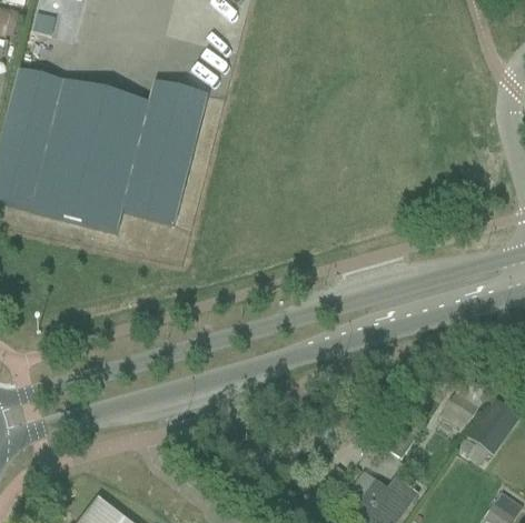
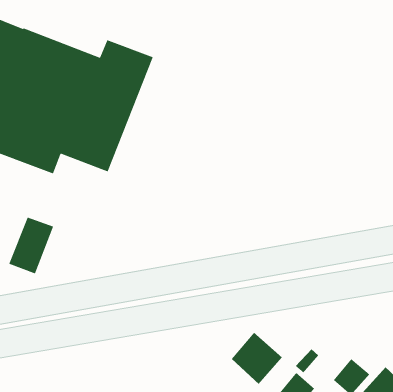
building: none -> [8,217,54,274]
building: none -> [231,332,283,385]

